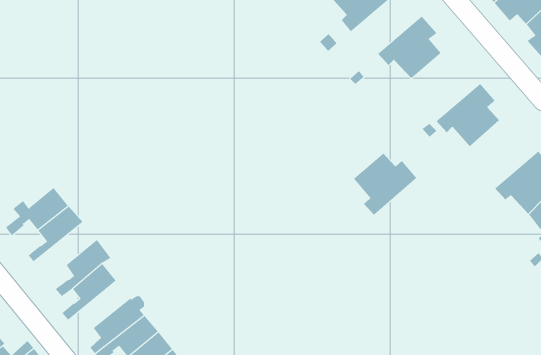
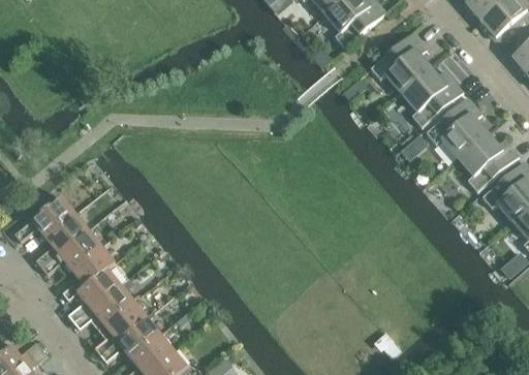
building: none -> [458,131,519,191]
building: [353,153,417,216] -> [402,67,463,127]
building: none -> [41,228,102,274]
building: none -> [74,284,134,330]

